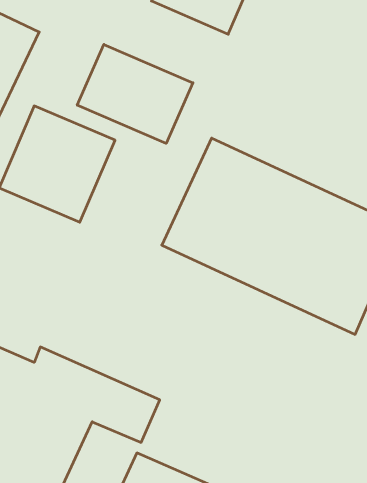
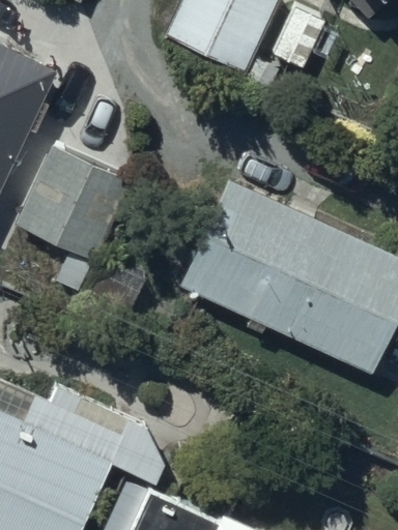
building: [77,44,193,143] -> none

